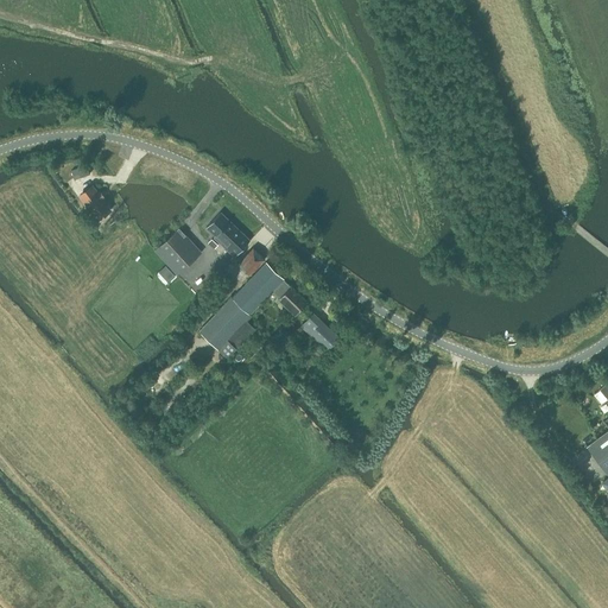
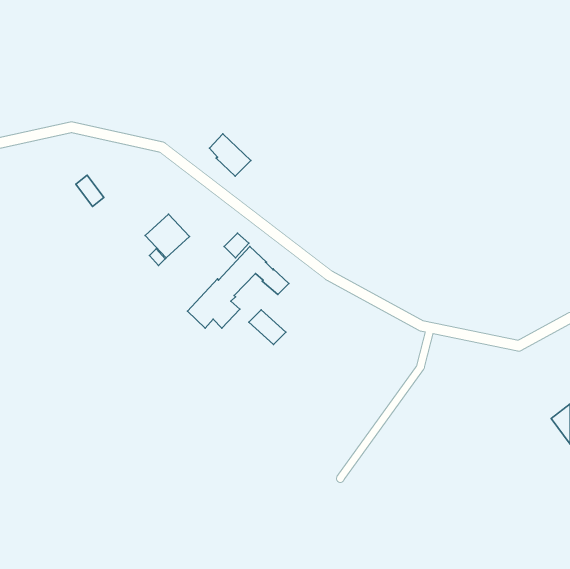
building: [207,213,251,258] -> [210,134,251,176]
building: [300,315,340,352] -> [249,310,286,345]

